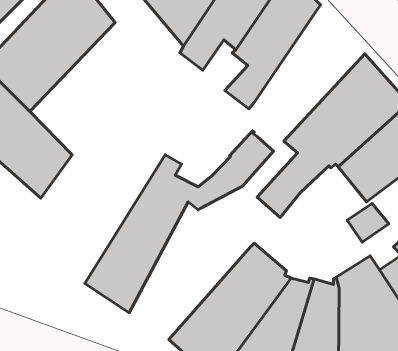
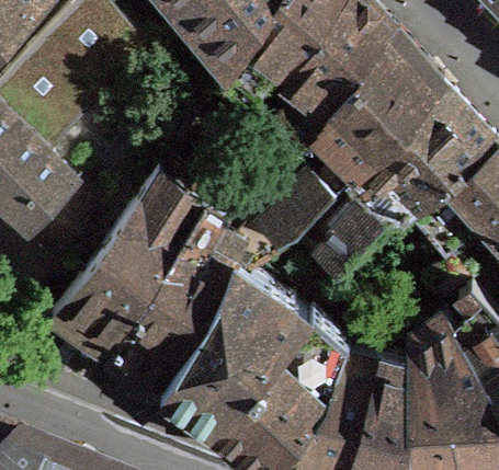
building: none -> [310,22,442,196]
building: none -> [52,170,204,354]
building: none -> [161,256,306,421]

